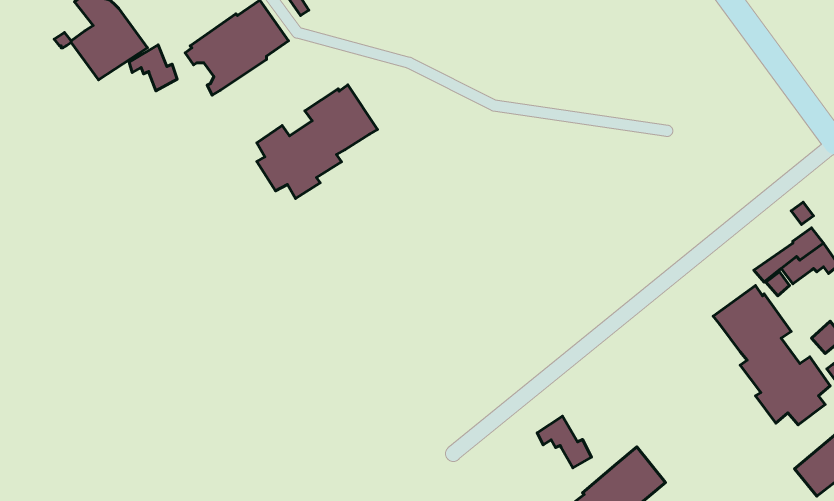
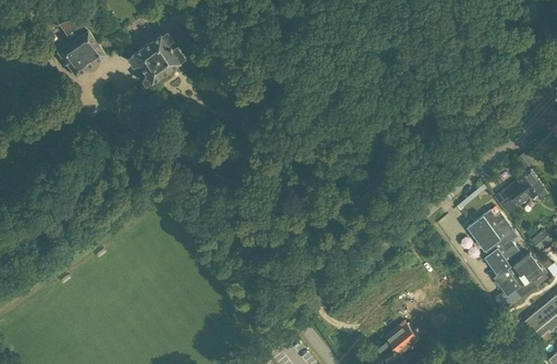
building: [129,45,177,91] -> none
building: [257,85,378,198] -> none
building: [537,416,592,468] -> none

